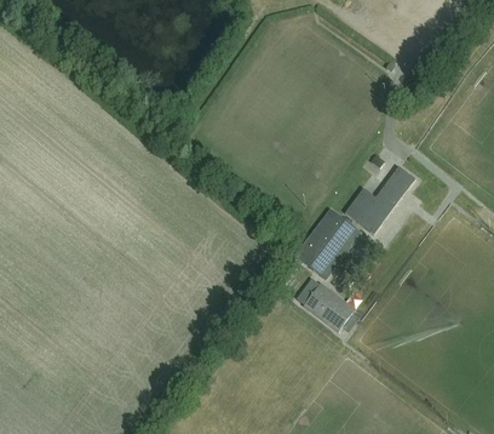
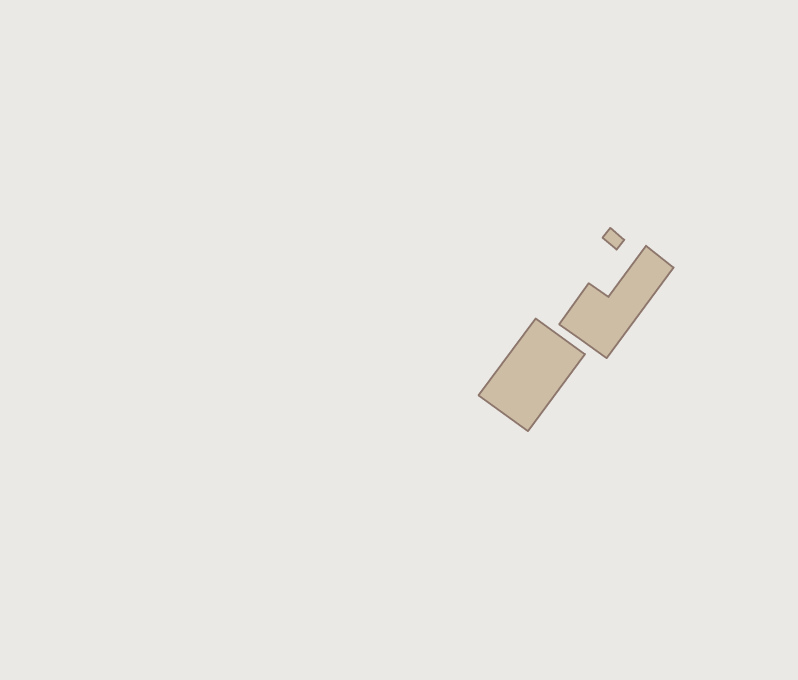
building: [303,282,355,331] -> none

